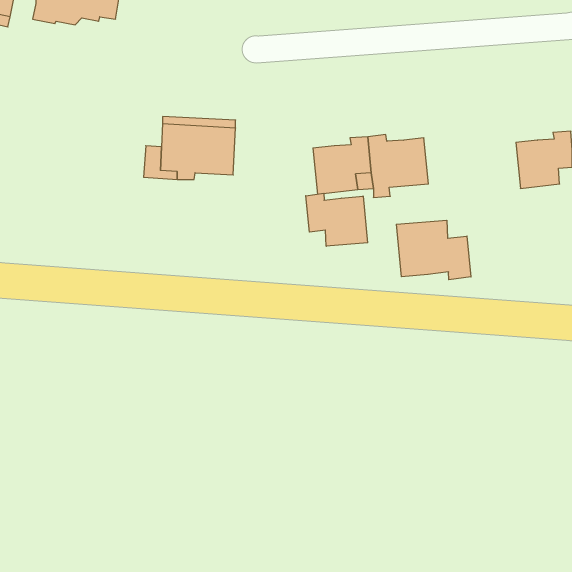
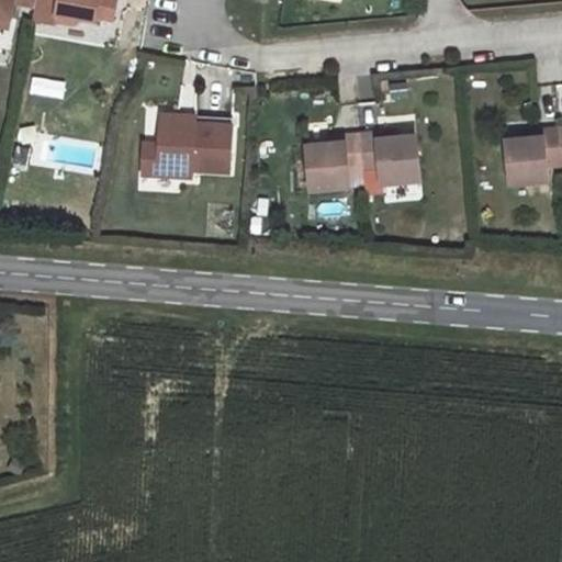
building: [306,193,368,246] -> none
building: [396,220,471,280] -> none

